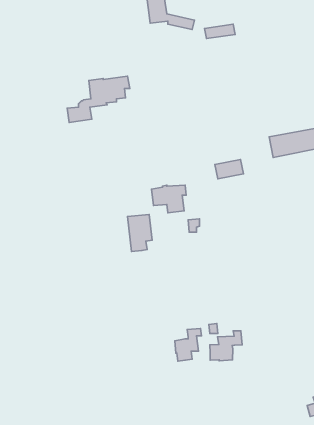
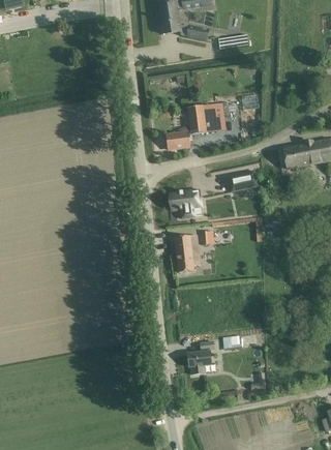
building: [67,76,130,122] -> [167,102,230,149]
building: [128,215,152,251] -> [175,235,200,272]
building: [210,331,242,361] -> none

